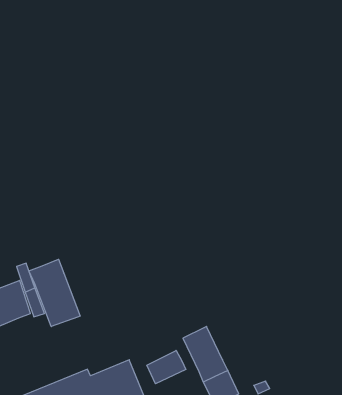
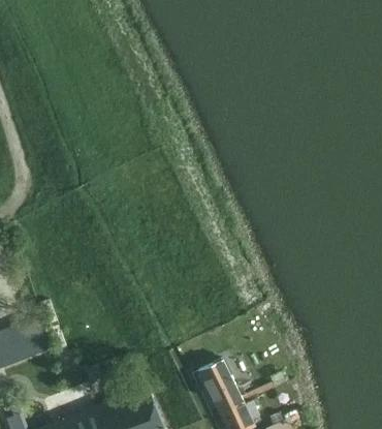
building: [29,259,80,327] -> none
building: [147,350,186,384] -> none

